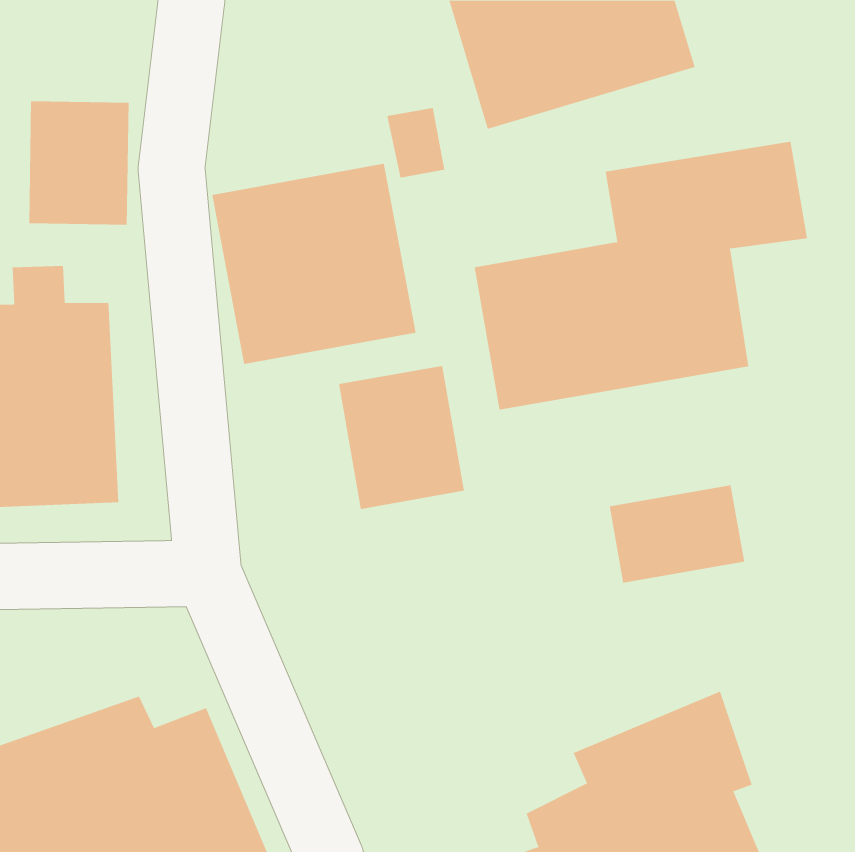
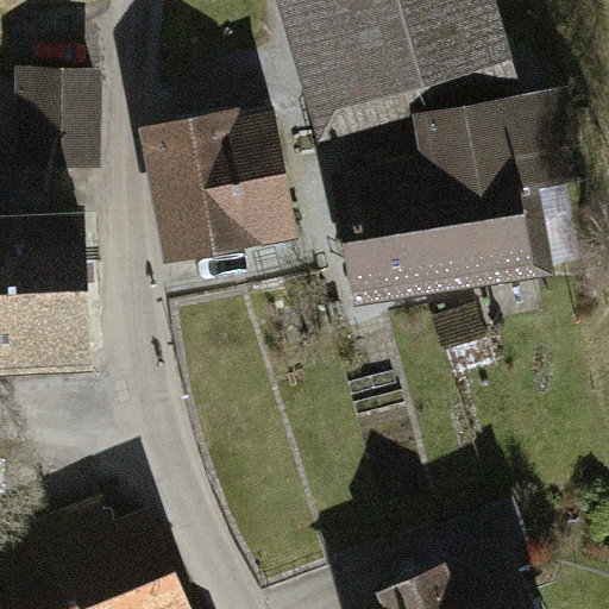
building: [339,365,464,510] -> none
building: [609,485,745,584] -> none

